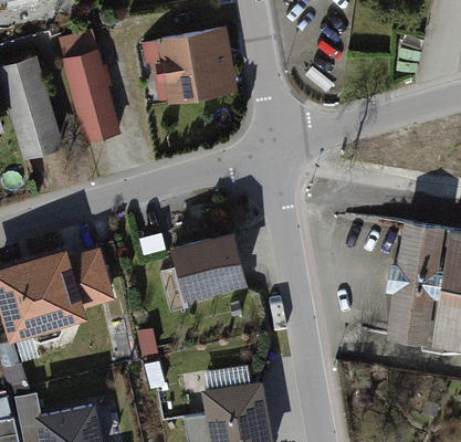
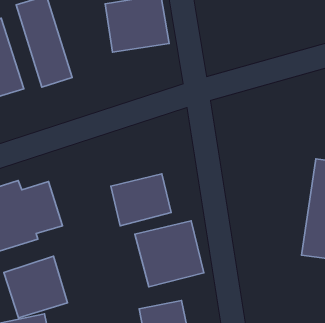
building: none -> [135,221,204,287]
building: none -> [4,256,68,318]

